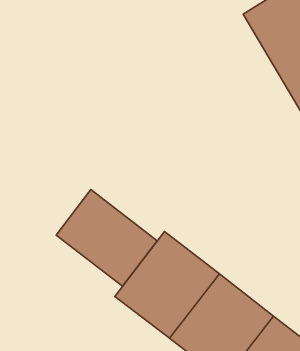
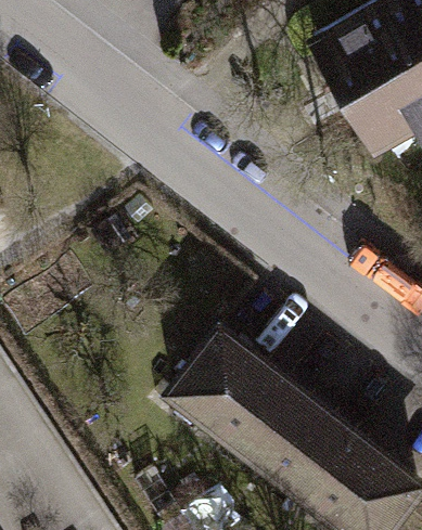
building: [56,190,157,286] -> none

